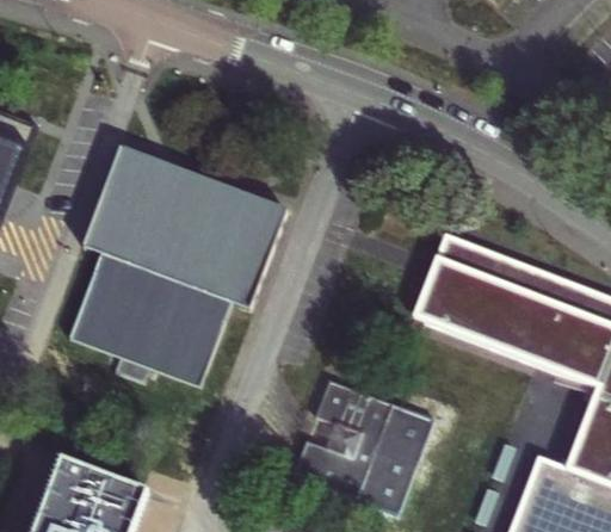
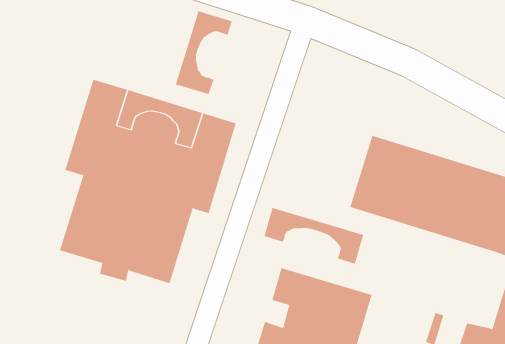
building: none -> [175,10,232,95]
building: none -> [264,207,364,264]

